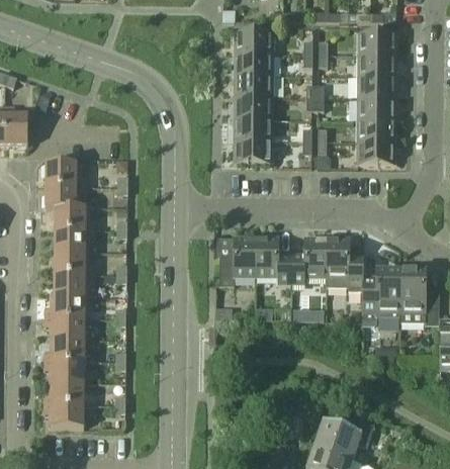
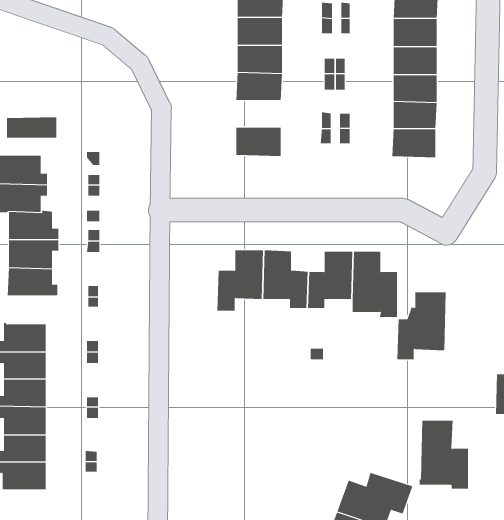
building: [234,118,270,139] -> none
building: none -> [6,117,57,138]
building: [398,270,438,324] -> [419,420,469,489]
building: [53,273,93,296] -> none

